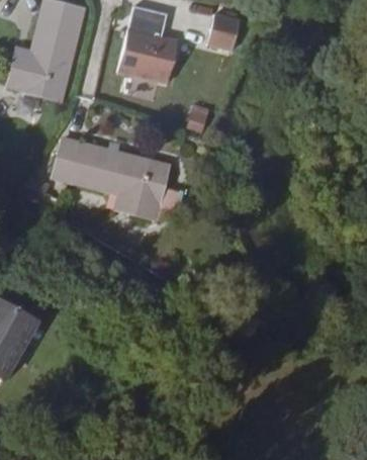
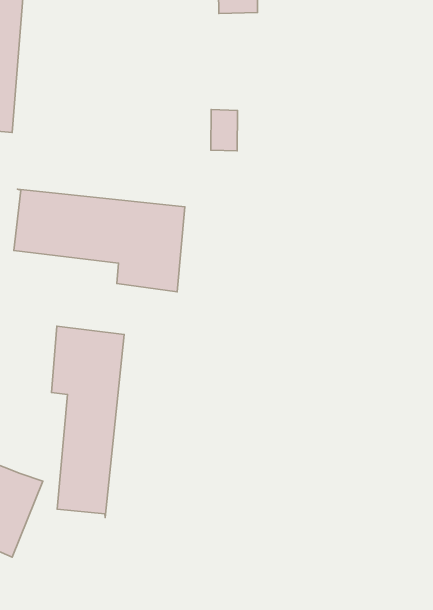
building: [117,27,178,83] -> none
building: none -> [51,326,124,517]

